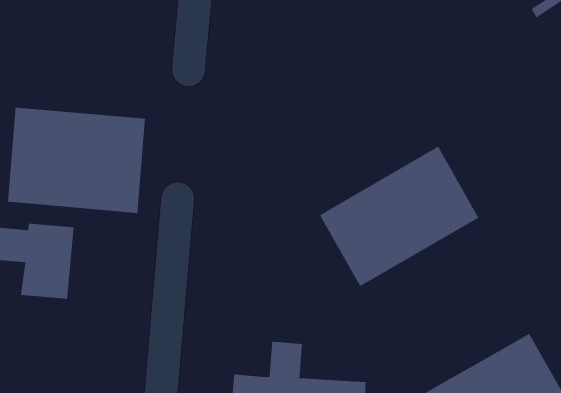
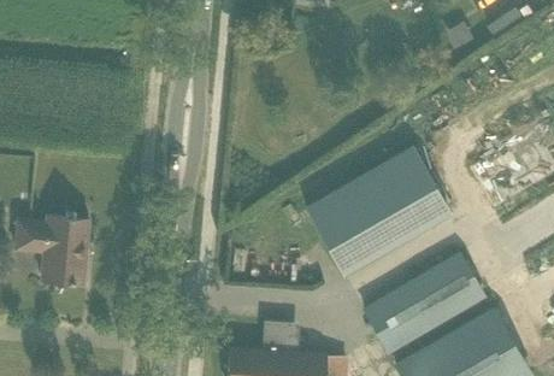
building: [8,107,145,214] -> none
building: none -> [364,254,483,351]

